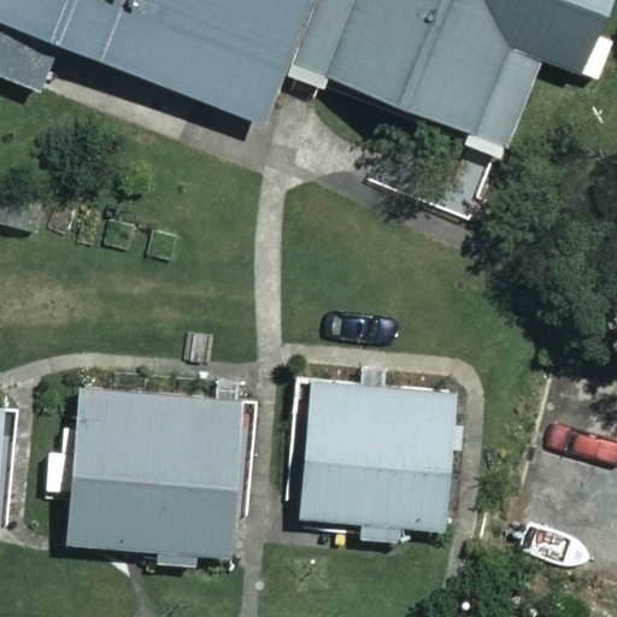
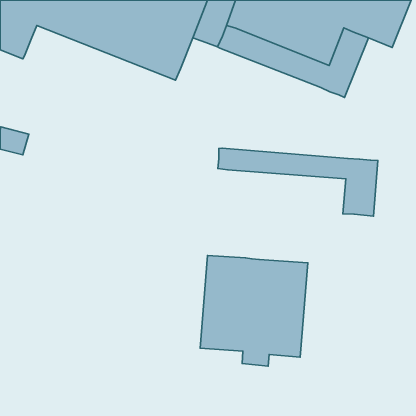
building: none -> [218,148,378,216]
building: [65,384,245,565] -> none

